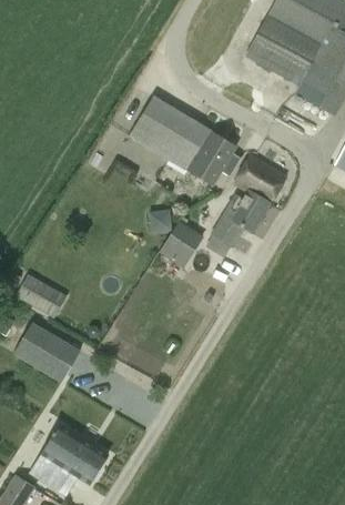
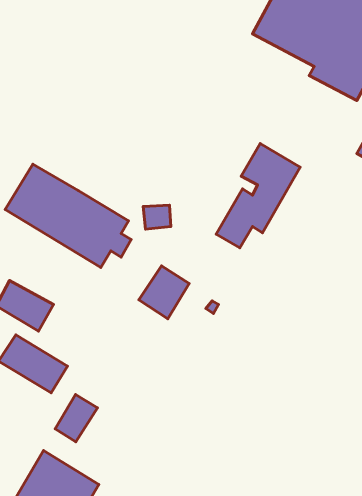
building: [126,97,237,188] -> [5,164,131,267]
building: [159,221,203,267] -> [139,266,189,319]
building: none -> [55,394,98,442]

